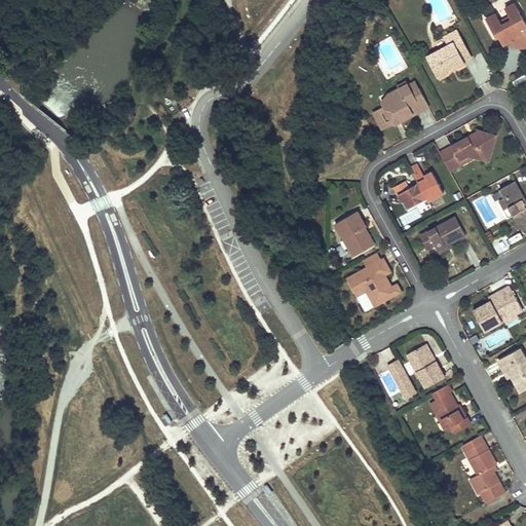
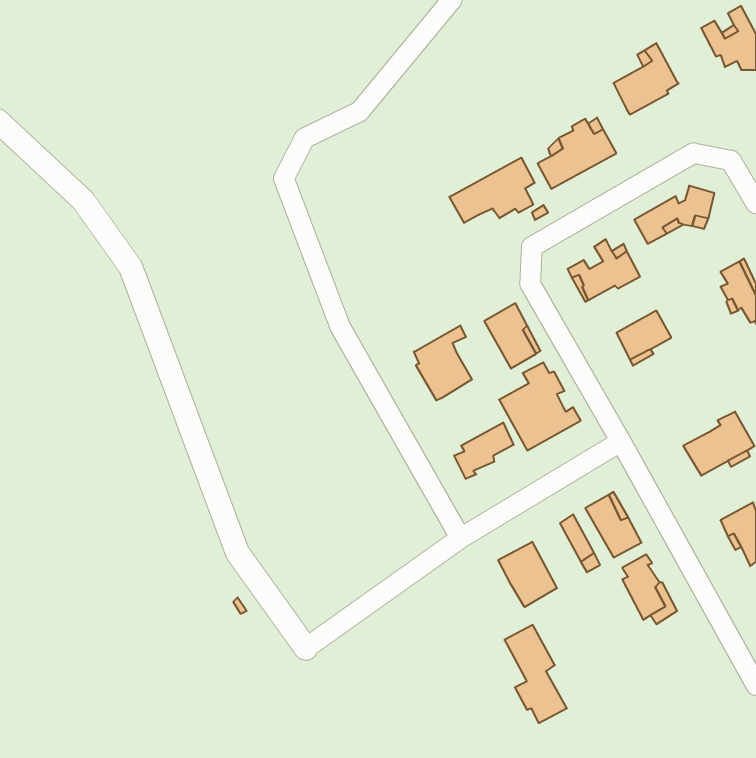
building: none -> [449,158,535,223]
building: none -> [414,325,472,400]
building: none -> [454,422,514,479]
building: none -> [498,542,557,607]
building: [461,435,504,502] -> [504,625,567,723]

